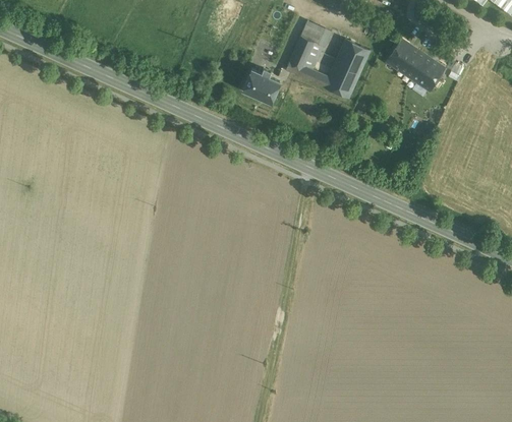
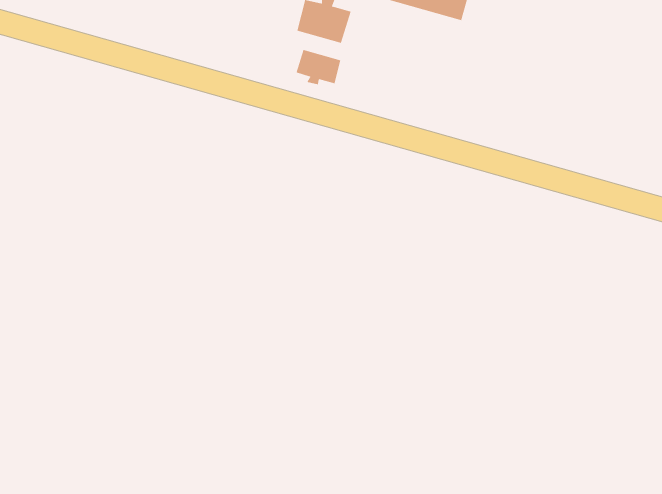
building: none -> [296,49,341,85]

